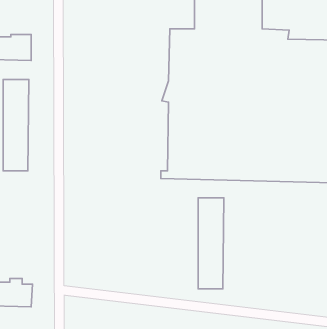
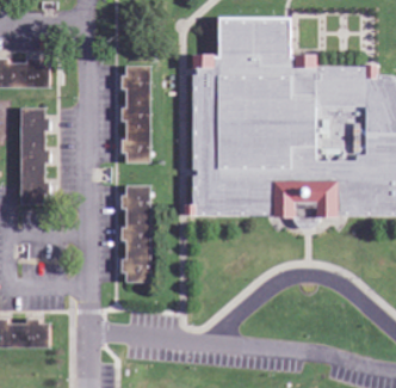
building: none -> [119,66,149,162]
building: [198,198,224,289] -> [122,185,149,282]

